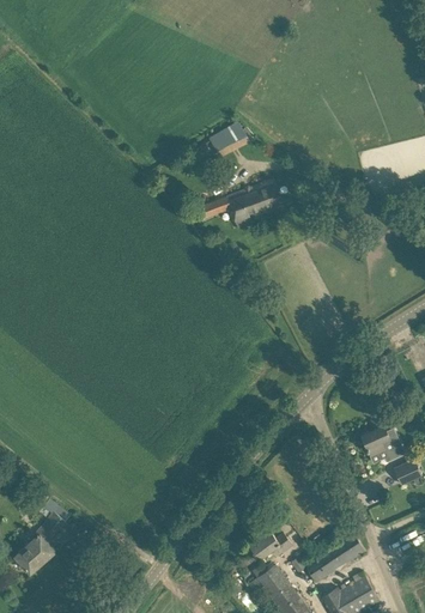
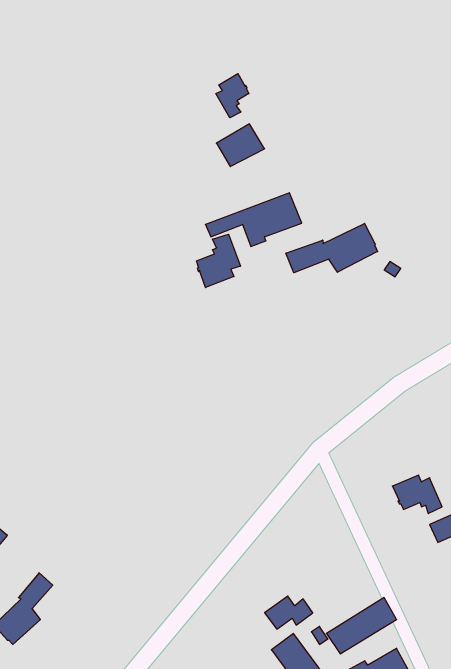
building: none -> [216,74,249,118]
building: none -> [286,223,378,273]
building: none -> [197,234,240,288]

